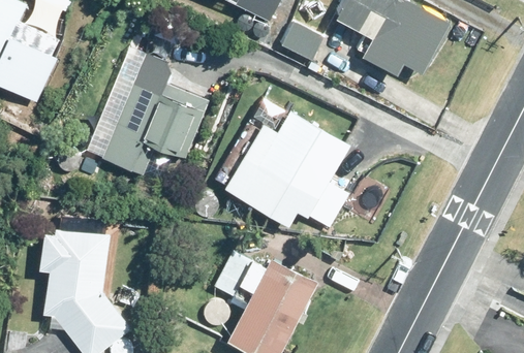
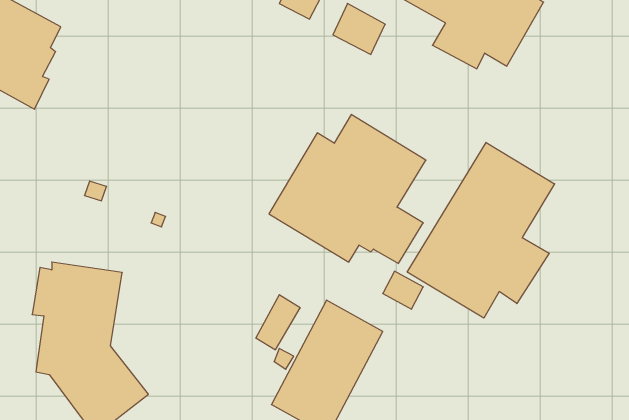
building: [102,72,208,175] -> none
building: none -> [407,142,555,318]

